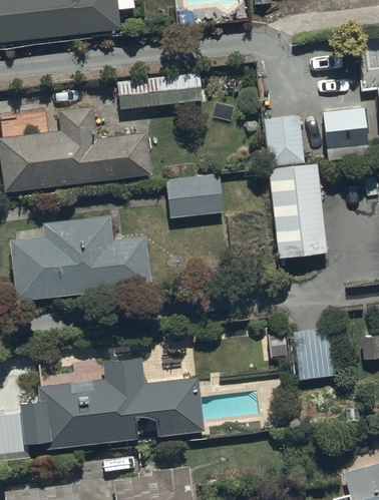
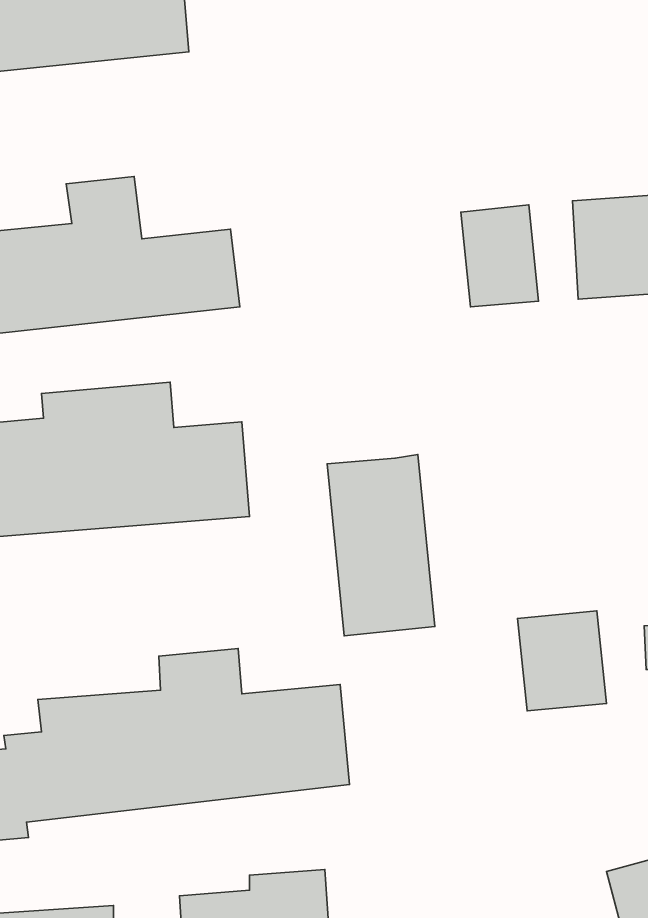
building: [119,71,204,108] -> none
building: [270,173,327,270] -> [327,454,435,636]
building: [166,175,223,219] -> none

